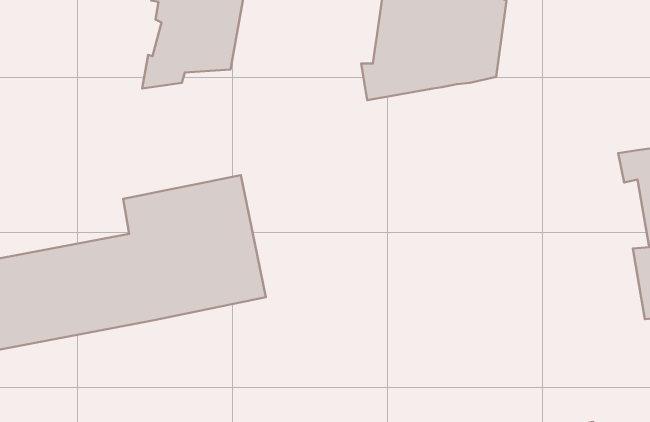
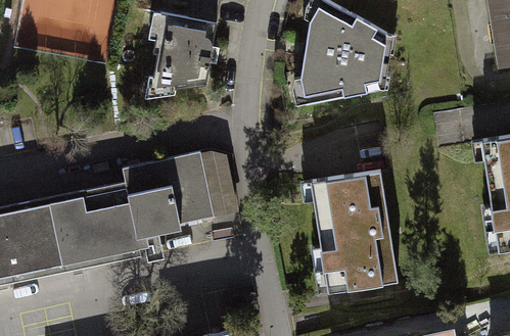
building: none -> [297,170,399,293]

